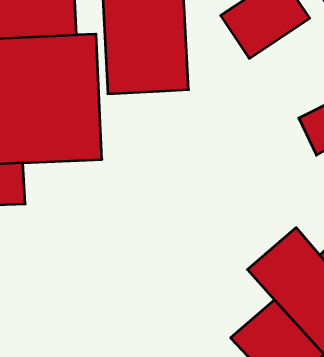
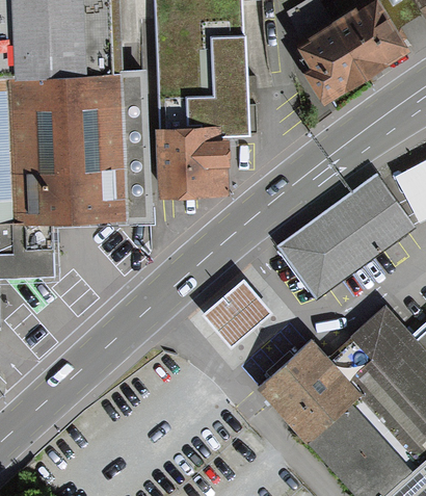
building: none -> [155,140,221,198]
building: none -> [272,174,408,299]
building: none -> [205,272,271,338]
building: none -> [258,343,361,445]

